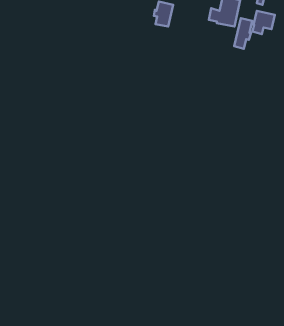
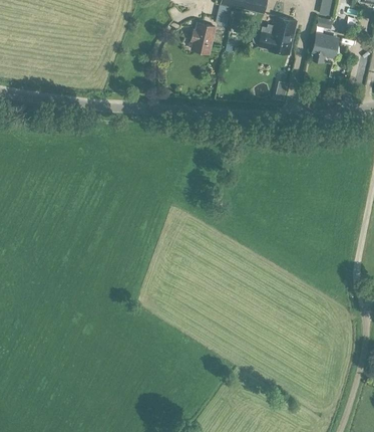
building: [234,18,252,49] -> none

